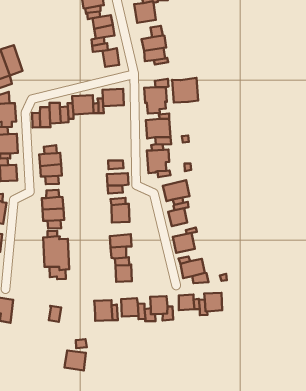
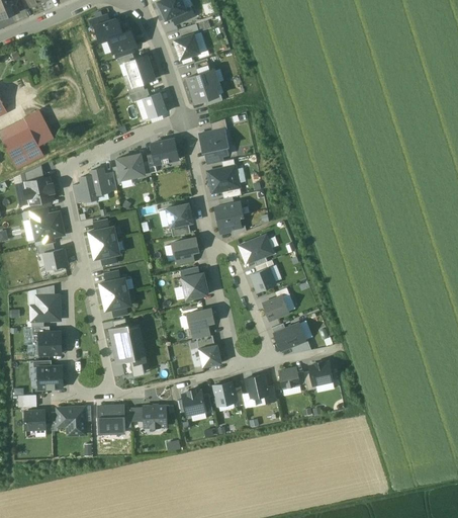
building: [172,78,198,103] -> none
building: none -> [167,203,192,226]
building: none -> [98,405,124,432]
building: [64,351,86,371] -> [144,406,167,427]

